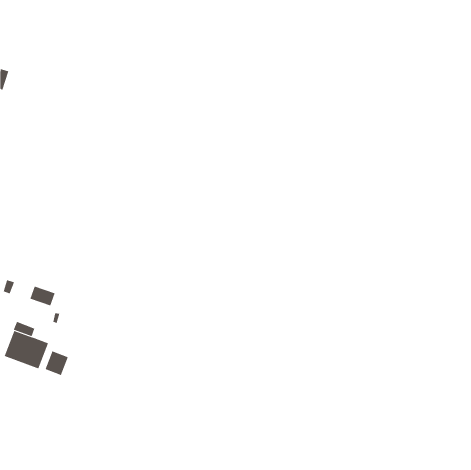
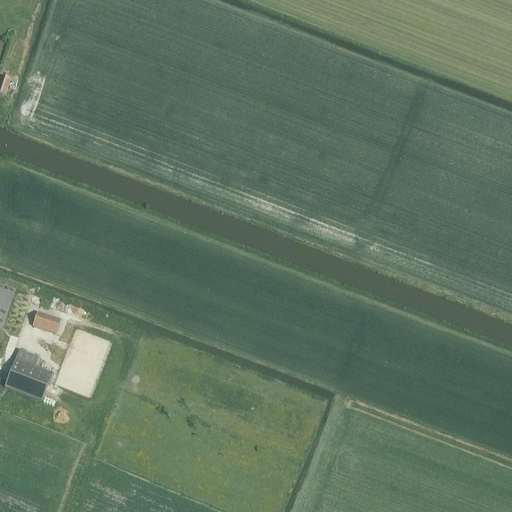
building: [45,351,69,376] -> none

